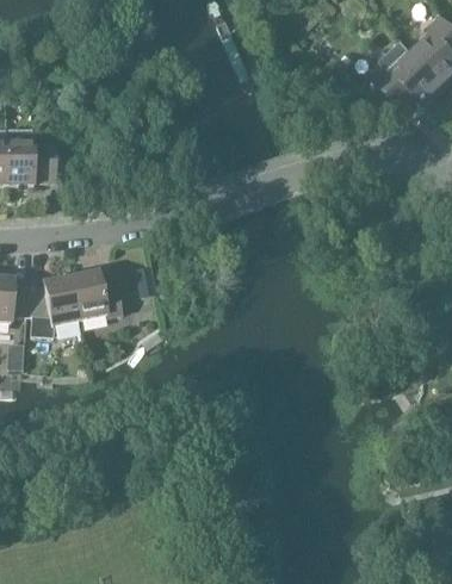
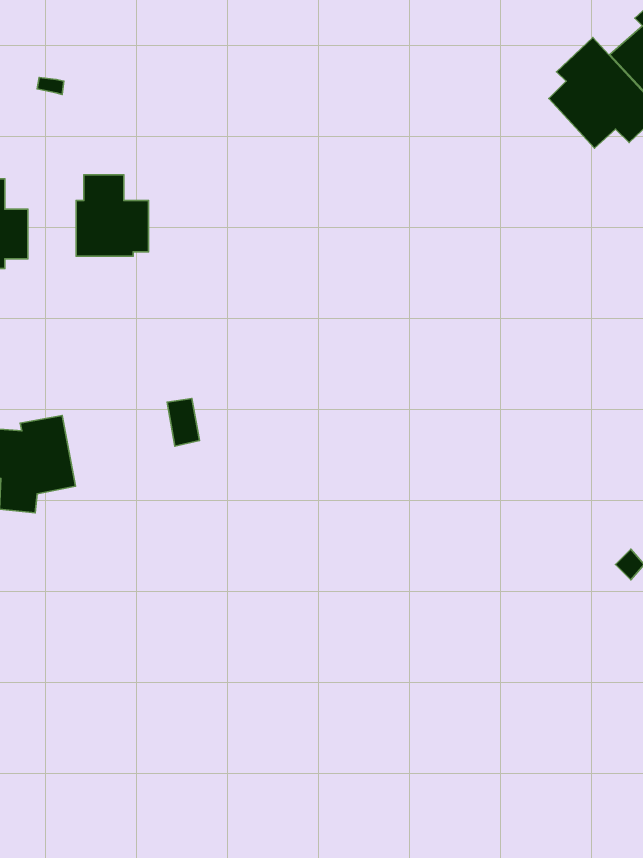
building: none -> [76,175,149,256]
building: [68,269,120,319] -> none

